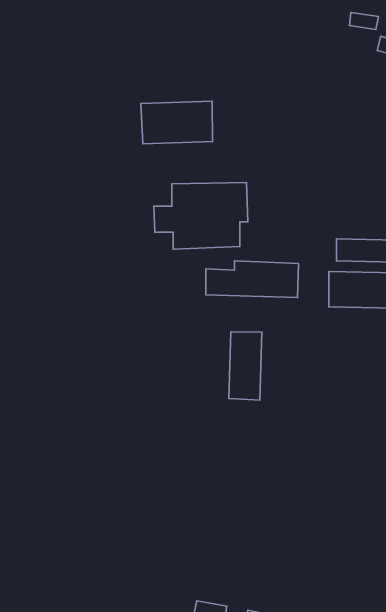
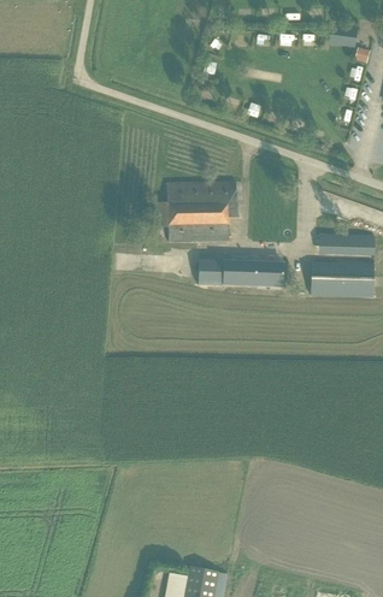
building: [141,101,213,144] -> none
building: [229,332,262,400] -> none

